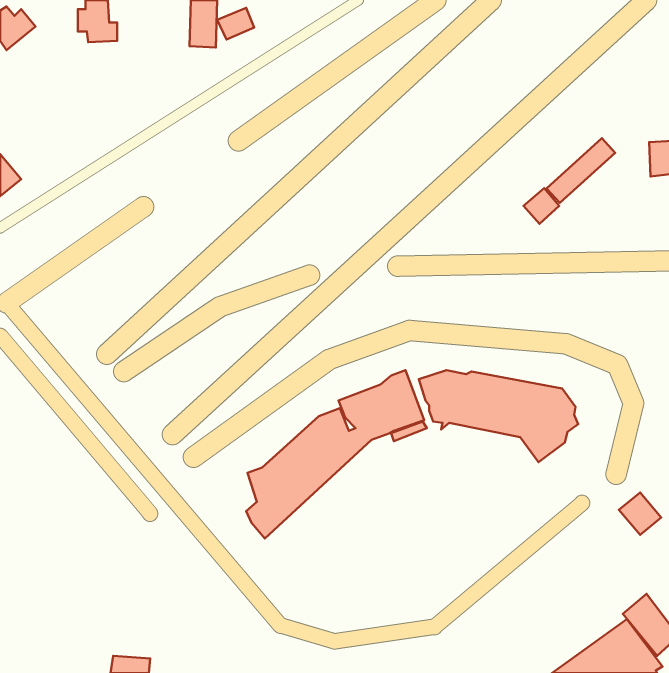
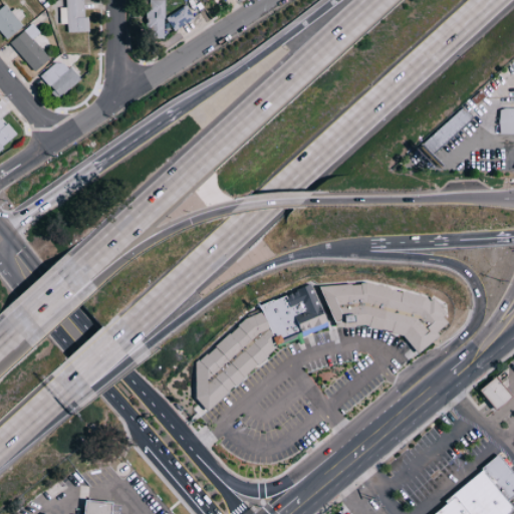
building: none -> [12,23,52,72]
building: none -> [44,57,82,96]
building: [524,188,559,224] -> none

